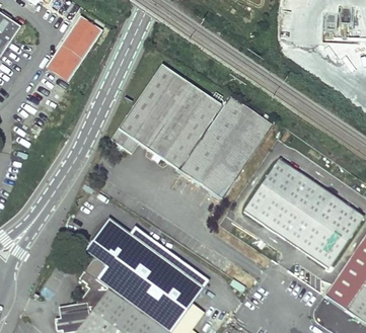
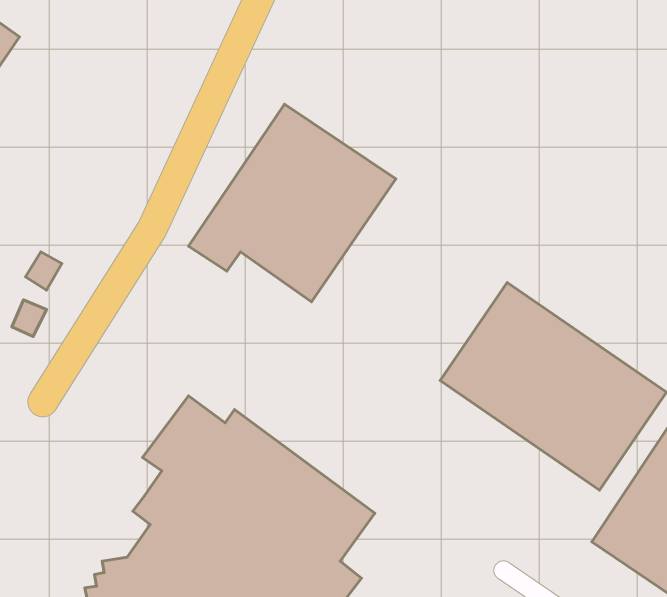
building: [47,16,102,81] -> none
building: [178,94,273,198] -> none

